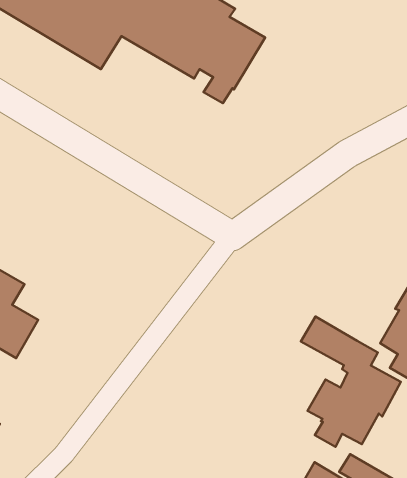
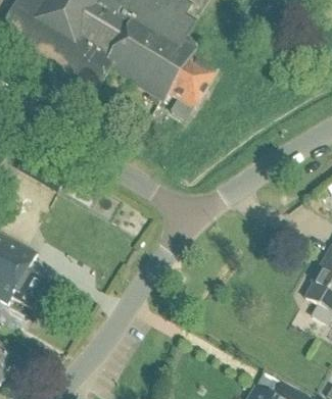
building: [301,317,401,447] -> none

